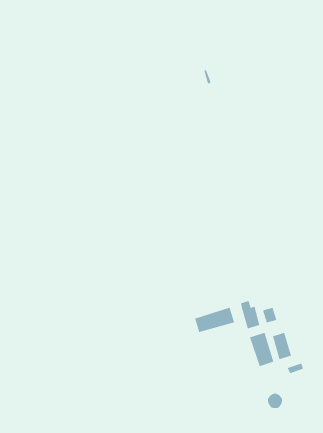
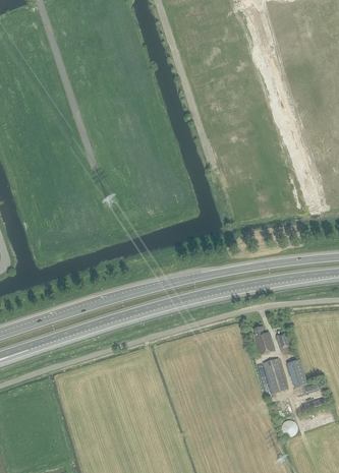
building: [194,307,235,333] -> none

